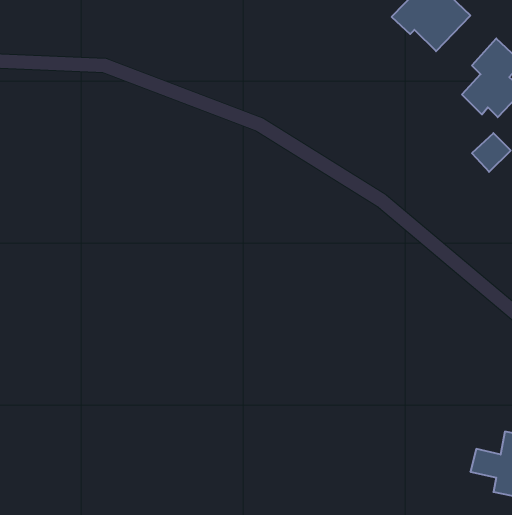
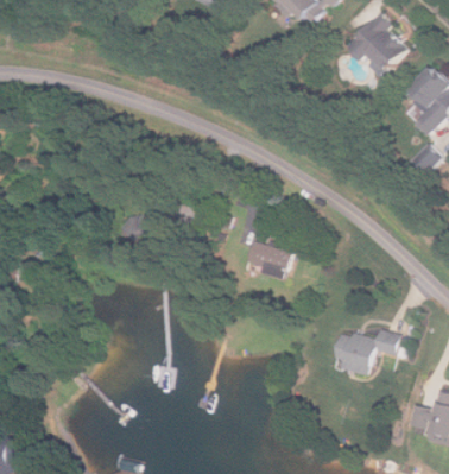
building: none -> [244,240,291,279]
building: none -> [334,329,405,374]

